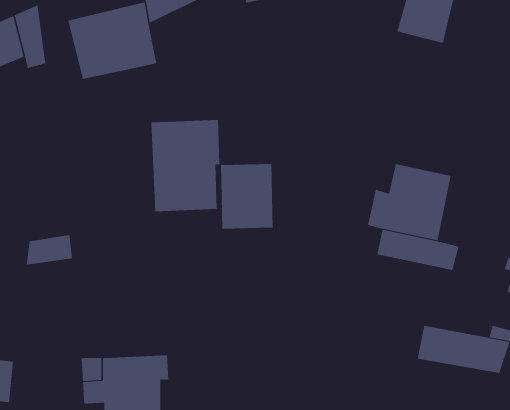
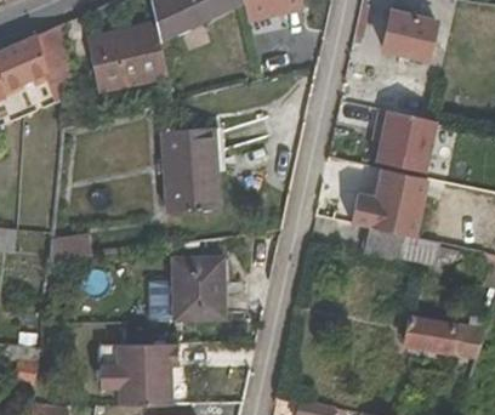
building: none -> [374,109,442,170]
building: [220,164,274,229] -> [173,258,222,318]

